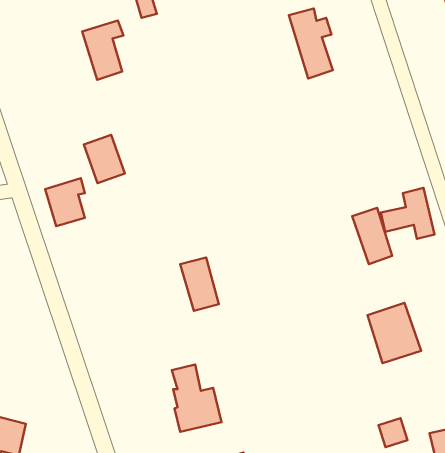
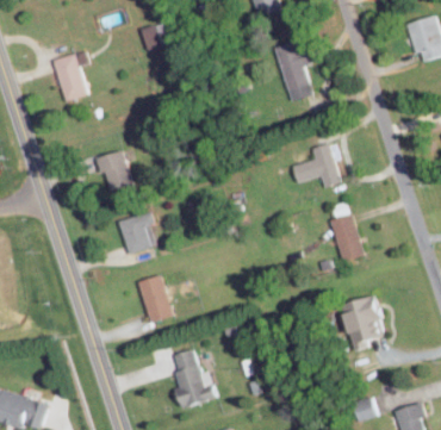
building: [82,21,123,80] -> [51,50,87,101]
building: [45,178,85,226] -> [118,211,153,253]
building: [381,188,435,239] -> [292,143,338,187]
building: [180,257,219,311] -> [138,275,172,322]

